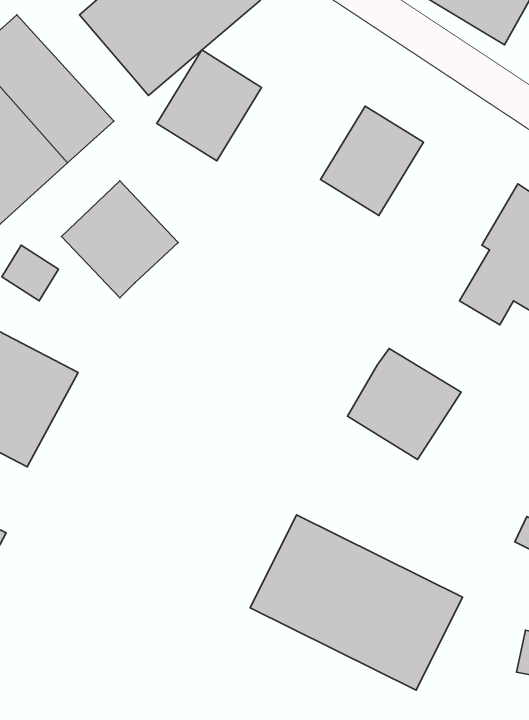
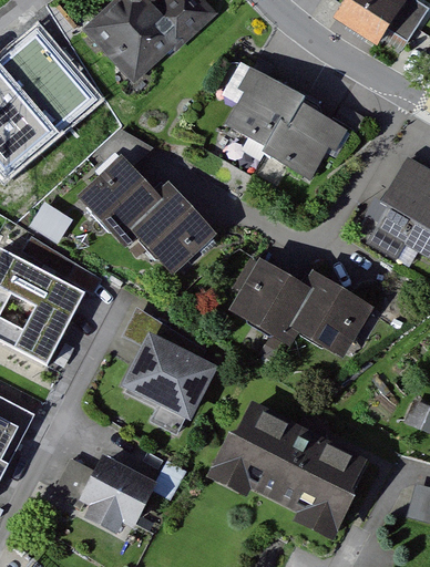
building: [157,50,262,161] -> [219,69,297,151]
building: none -> [126,186,213,271]
building: none -> [223,256,306,339]
building: none -> [127,329,223,423]
building: none -> [57,450,165,533]

